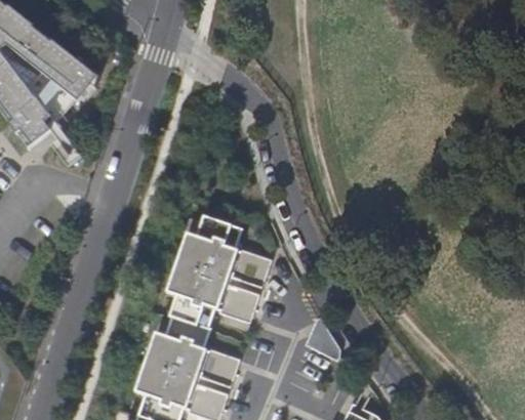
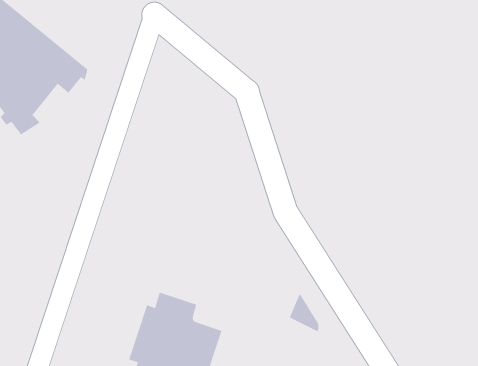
building: [170,215,271,327] -> none

